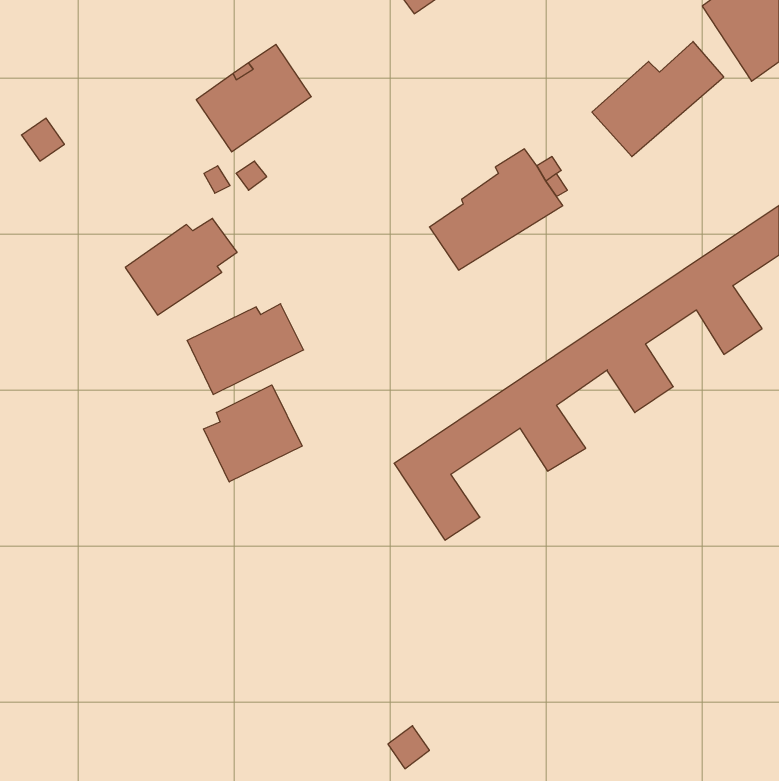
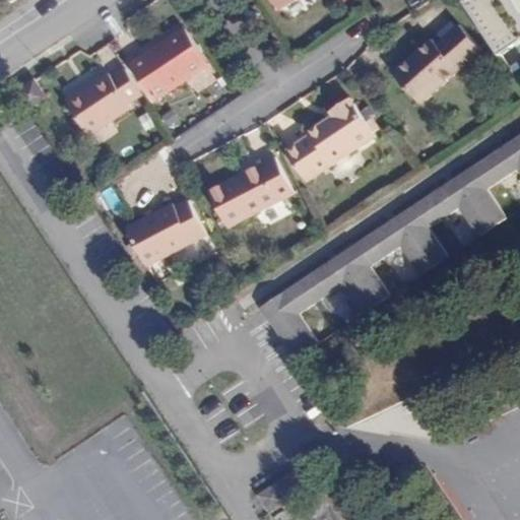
building: [125,218,237,315] -> [65,71,139,135]
building: none -> [206,156,291,226]
building: [204,385,302,482] -> none

